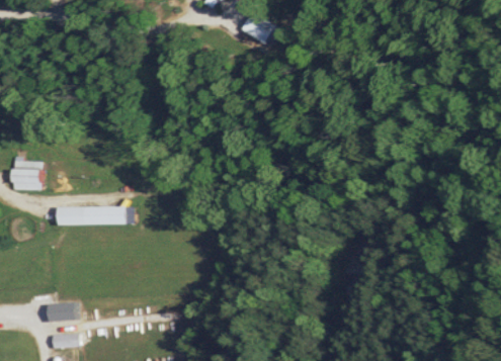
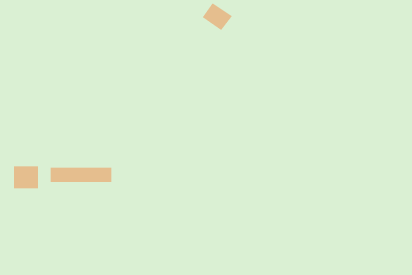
building: [11,162,41,189] -> [13,166,39,189]

